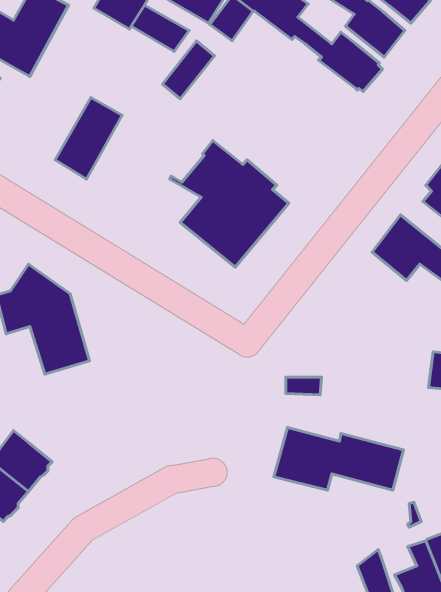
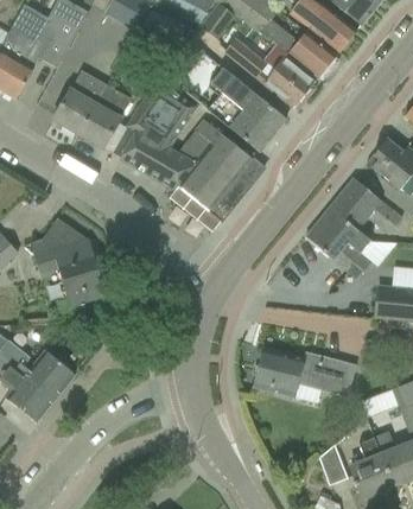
building: none -> [223,37,317,108]
building: none -> [206,68,285,152]
building: none -> [52,70,106,134]
building: none -> [119,79,198,190]
building: none -> [304,208,371,279]

